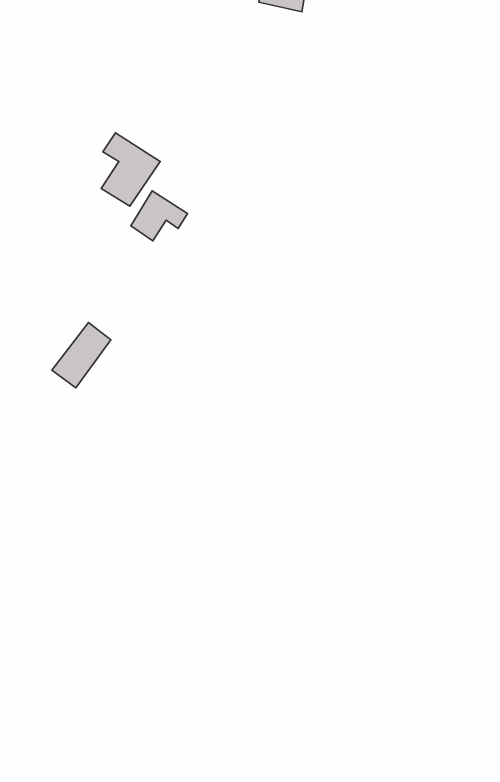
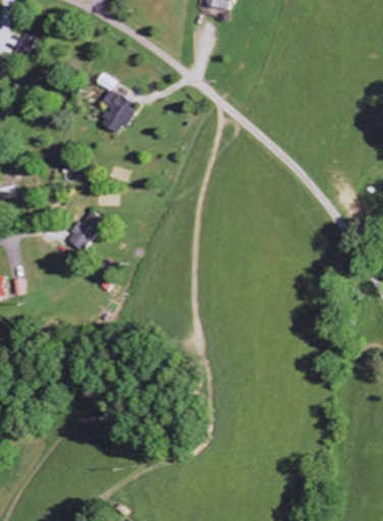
building: [131,191,187,241] -> none

